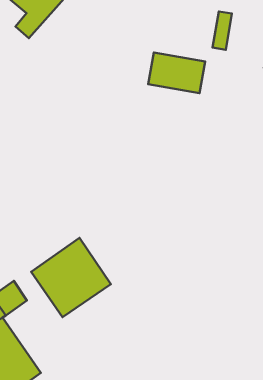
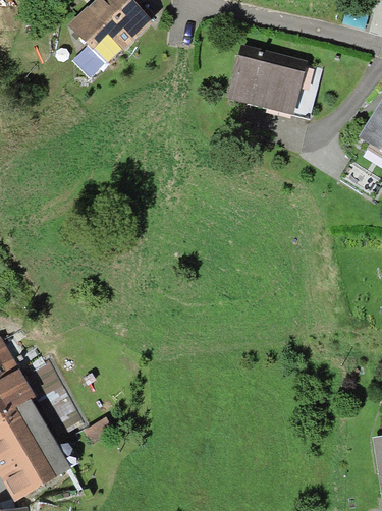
building: [148,52,205,93] -> [231,58,301,111]
building: [31,238,111,317] -> none

